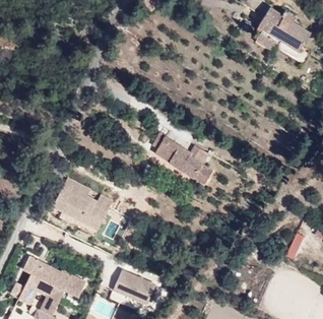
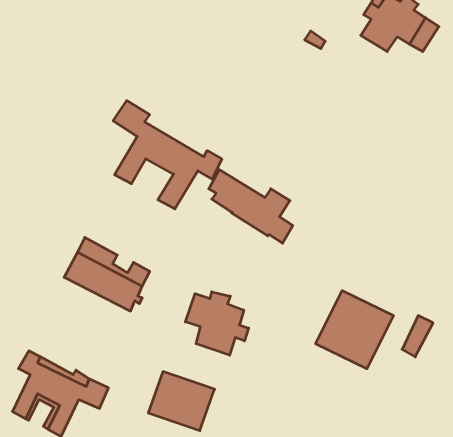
building: none -> [113,101,222,209]
building: none -> [316,291,393,369]
building: none -> [185,292,249,355]

